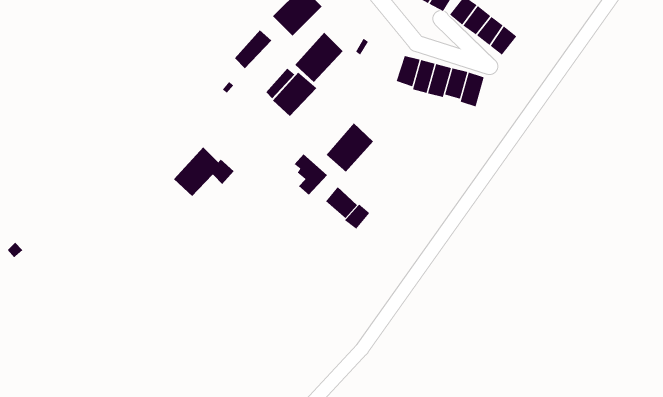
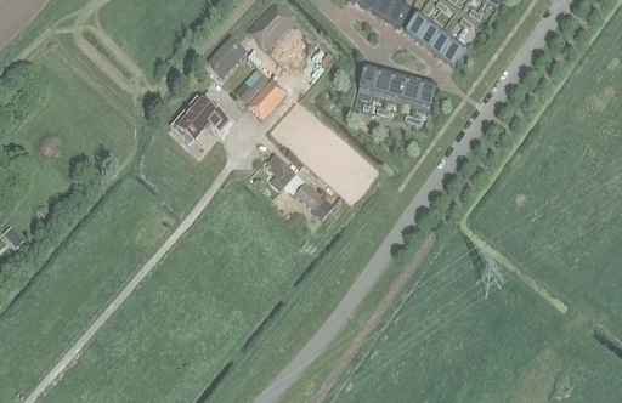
building: [295,32,344,83] -> none
building: [326,122,374,173] -> none
building: [173,147,234,197] -> [174,97,228,142]

